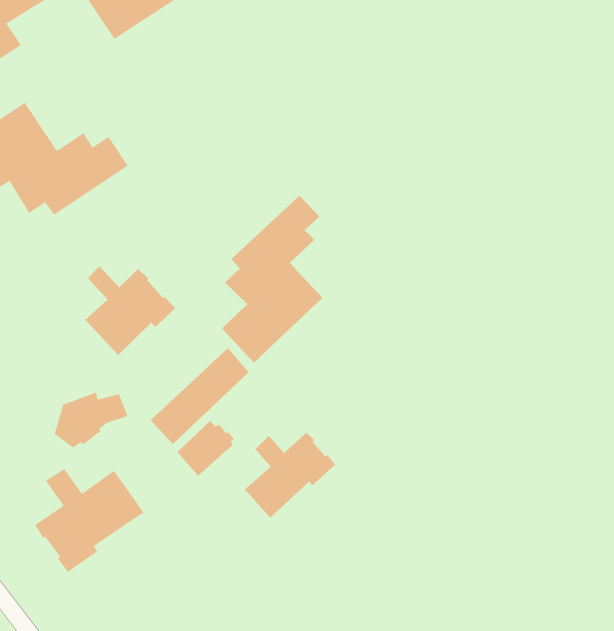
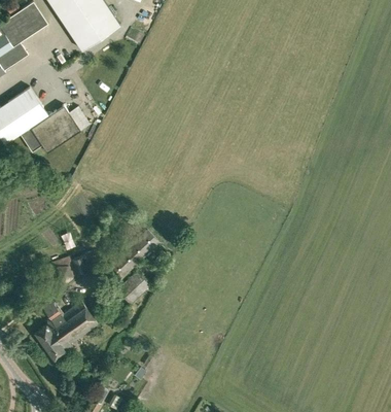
building: [221,195,323,364] -> none
building: [85,265,176,356] -> none
building: [244,432,336,518] -> none

